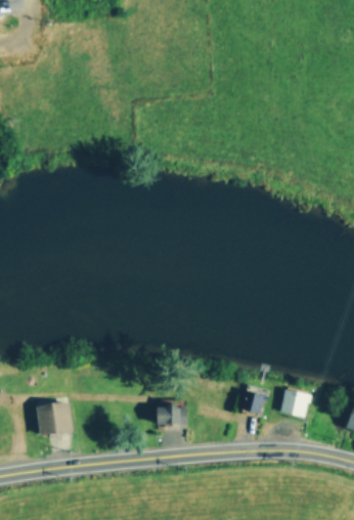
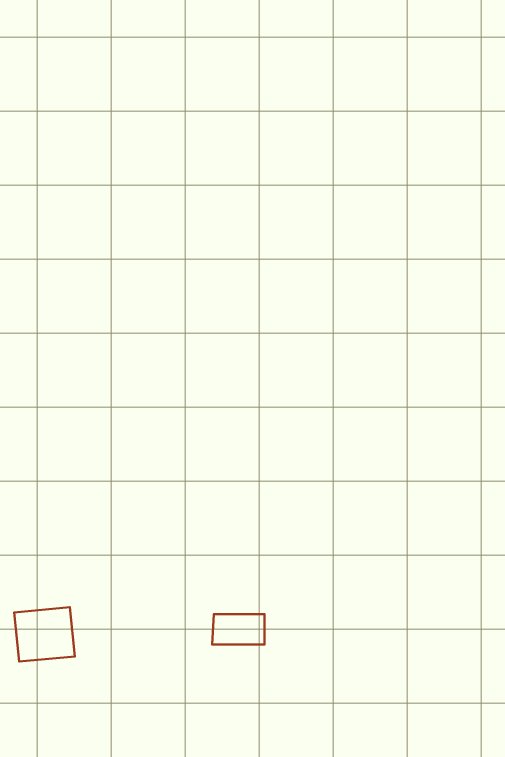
building: [280,389,311,417] -> none
building: [241,391,265,414] -> none

